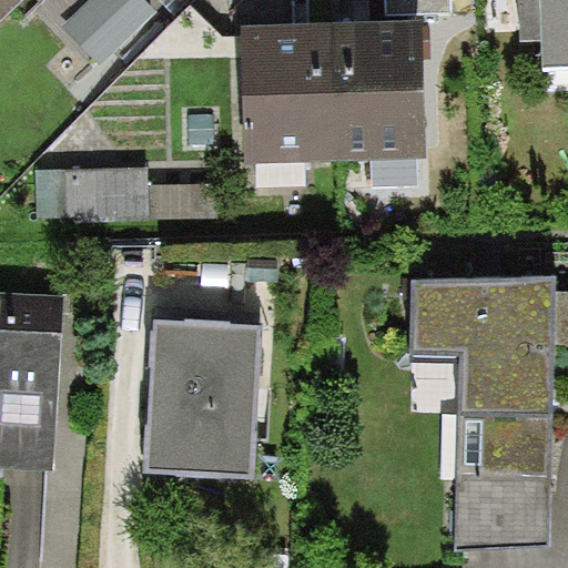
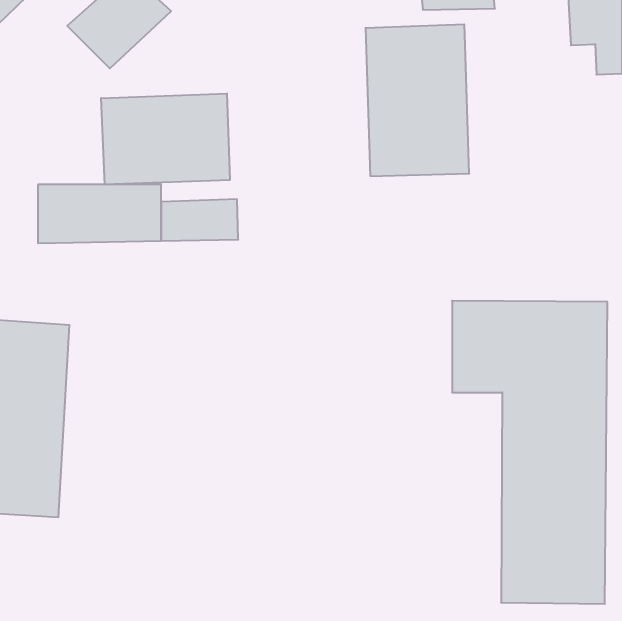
building: [241,26,336,164] -> none
building: none -> [101,93,230,185]
building: [142,317,261,480] -> none

